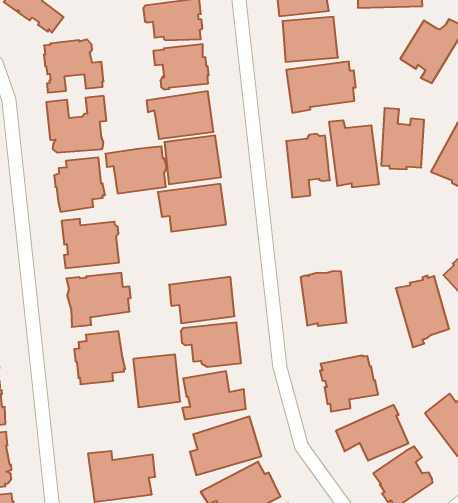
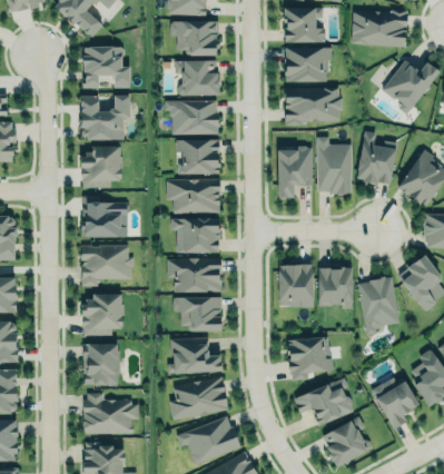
building: [105,146,167,193] -> [170,217,220,253]
building: none -> [318,266,352,308]
building: [133,354,180,407] -> [83,345,119,386]

